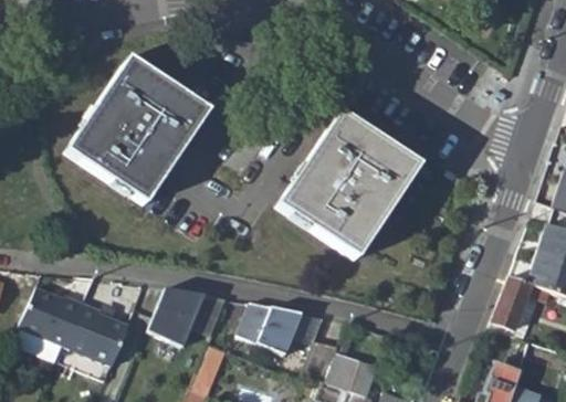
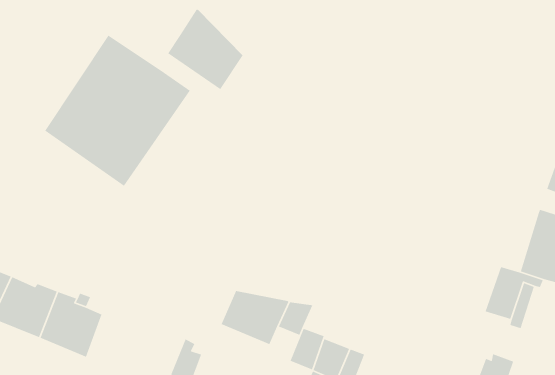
building: none -> [167,9,244,90]
building: [281,112,420,257] -> none
building: [153,283,226,343] -> none

